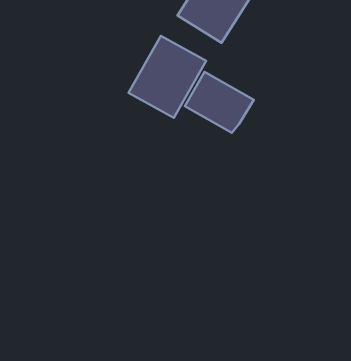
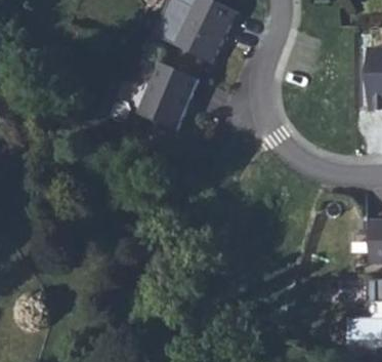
building: [185,72,254,133] -> none

